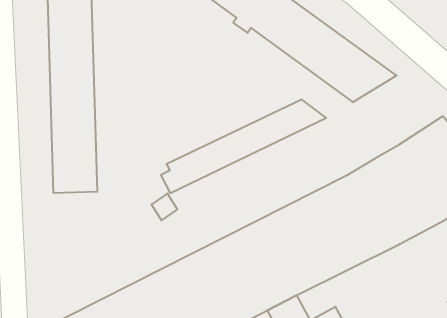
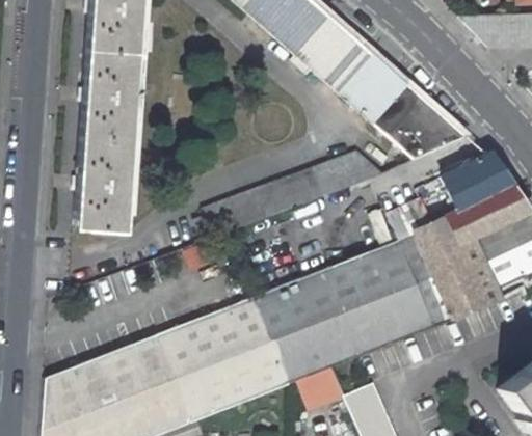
building: none -> [429,151,514,223]

